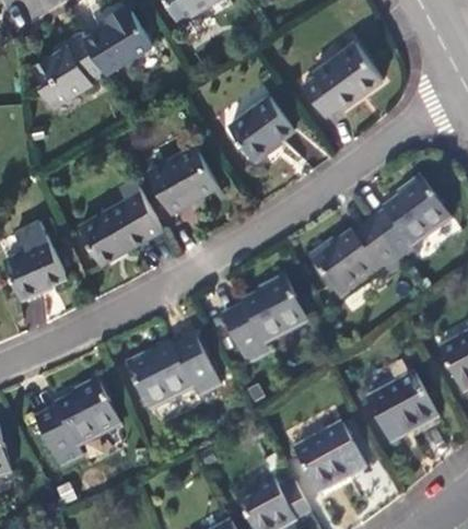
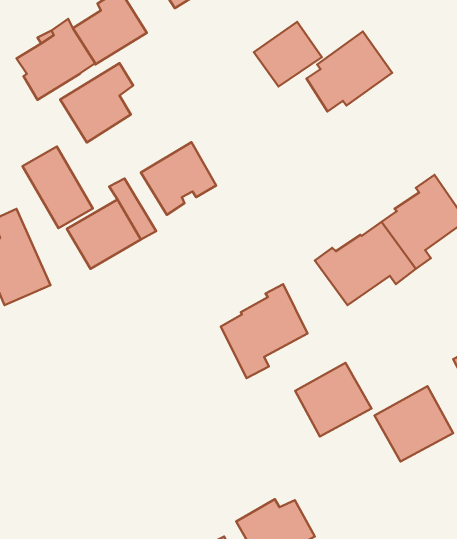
building: none -> [60,63,133,143]
building: [229,97,292,157] -> [254,22,322,86]
building: none -> [23,147,93,228]
building: [128,339,219,411] -> none
building: [35,380,120,467] -> none
building: [294,424,365,493] -> [295,363,371,437]

